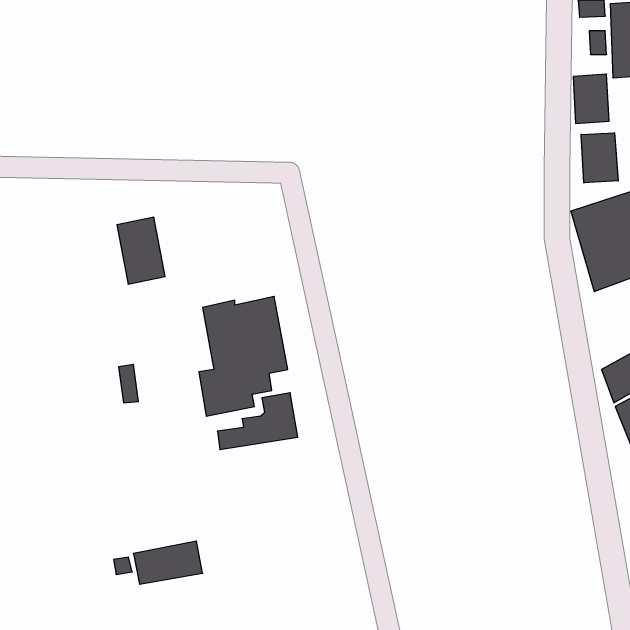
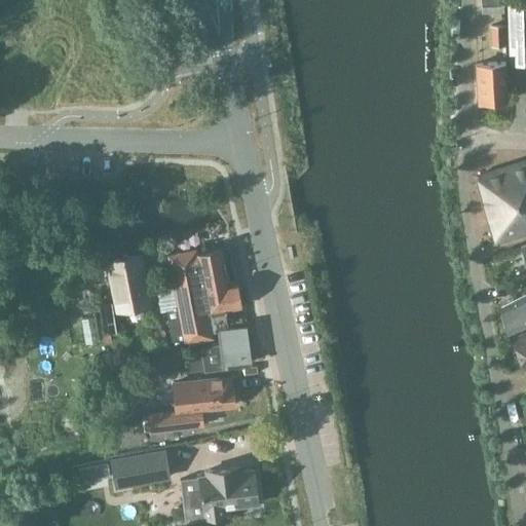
building: [581,133,618,183] -> none
building: [117,217,165,284] -> [109,256,149,311]
building: none -> [149,379,237,434]
building: none -> [180,468,259,521]

